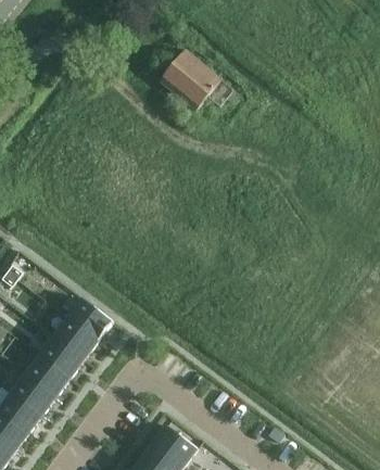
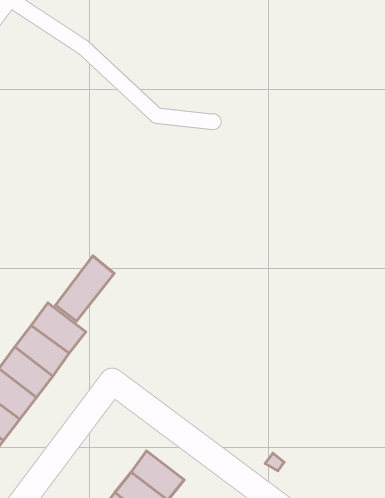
building: [159,49,239,111] -> none
building: none -> [55,256,114,321]

